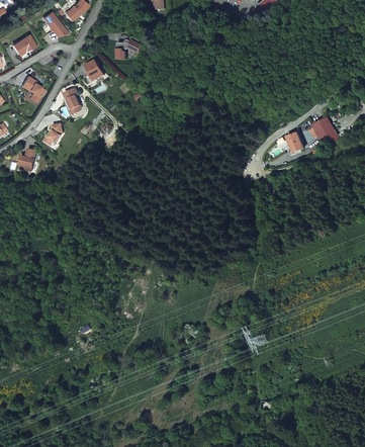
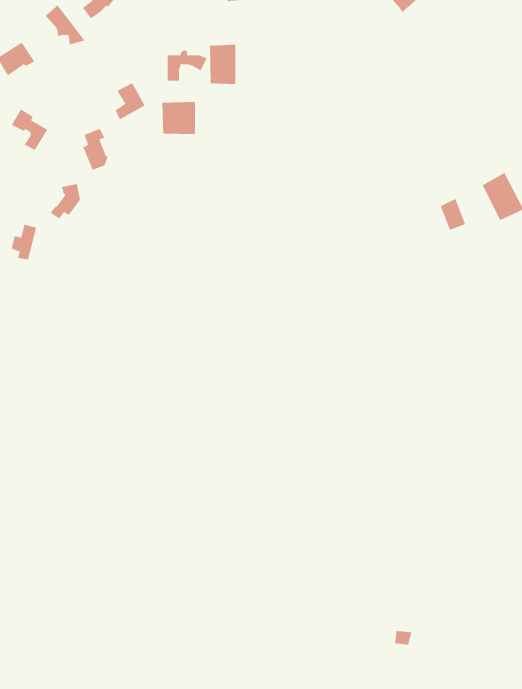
building: none -> [209,44,236,85]
building: none -> [162,101,196,135]

